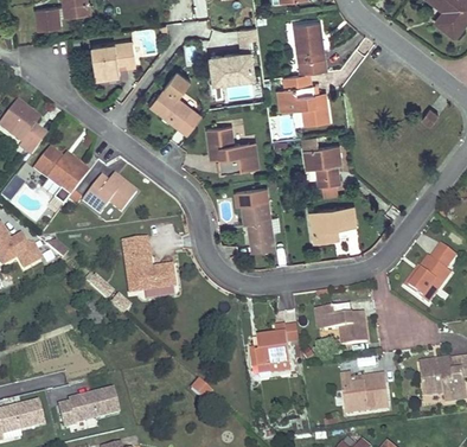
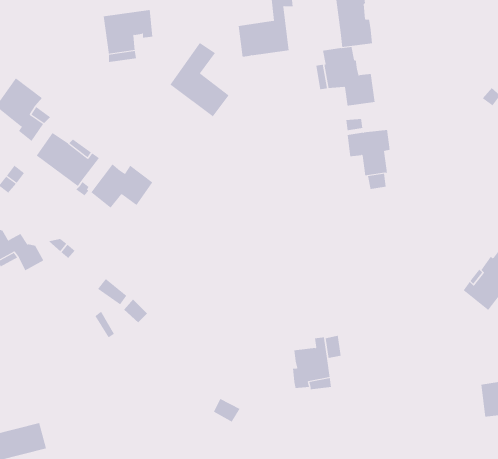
building: [206,127,251,173] -> none
building: [235,187,275,253] -> none
building: [309,206,356,243] -> none
building: [122,240,173,293] -> none
building: [321,305,366,345] -> none
building: [340,373,388,414] -> none
building: [57,389,117,426] -> none

